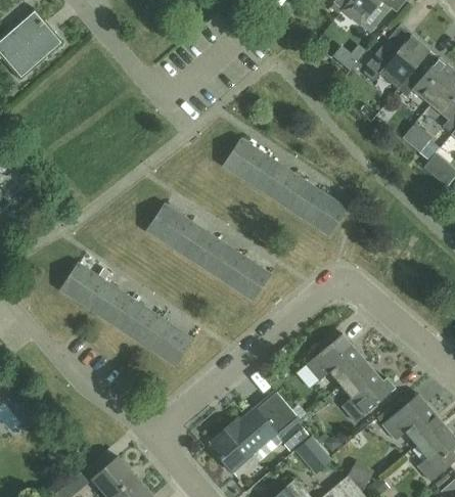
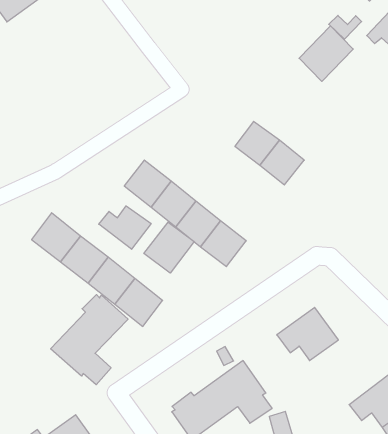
building: none -> [299,26,353,81]
building: [223,139,267,183] -> none
building: [302,191,346,234] -> none
building: none -> [99,206,151,249]
building: none -> [144,222,194,273]
building: none -> [51,295,128,385]
building: [339,363,395,421] -> none

